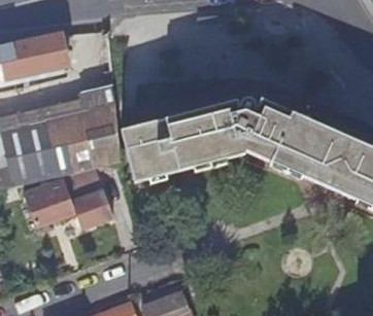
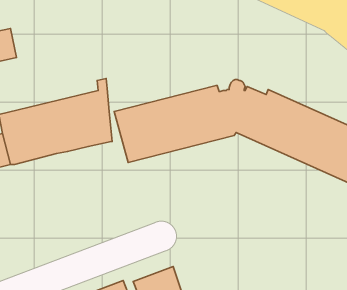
building: [13,33,66,73] -> none
building: [23,165,112,225] -> none

